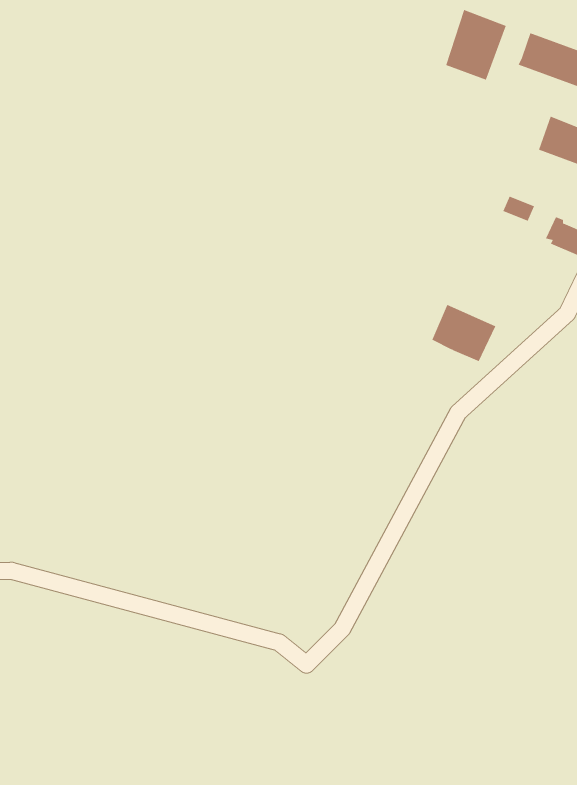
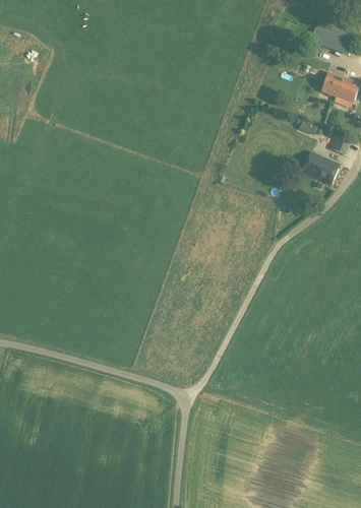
building: [445,9,506,80] -> none
building: [432,304,496,362] -> [303,151,342,186]

